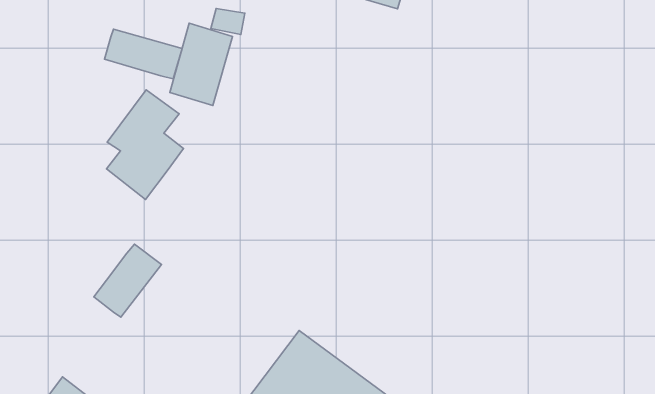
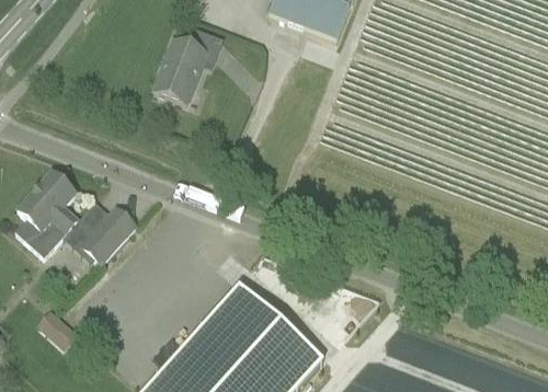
building: [104,29,182,79] -> none
building: [106,90,183,199] -> [14,170,76,255]

